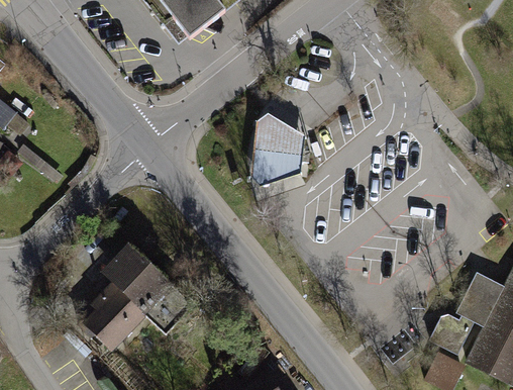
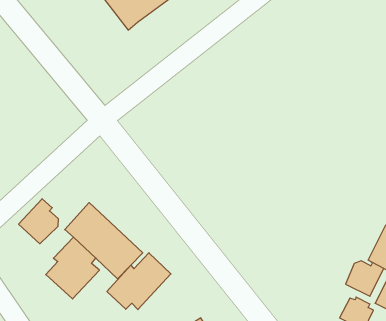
building: [252,116,305,188] -> none
building: none -> [19,199,58,244]
building: none -> [107,253,171,310]

